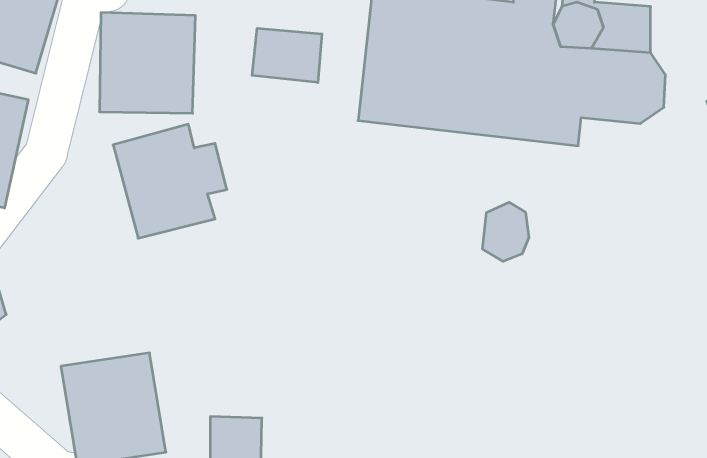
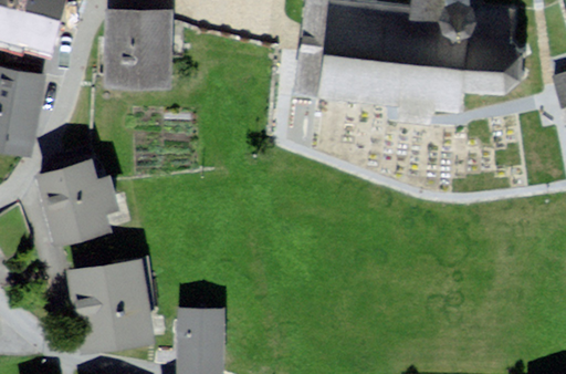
building: [252,28,322,83] -> none
building: [113,124,227,238] -> [34,164,119,249]
building: [483,202,529,261] -> none

